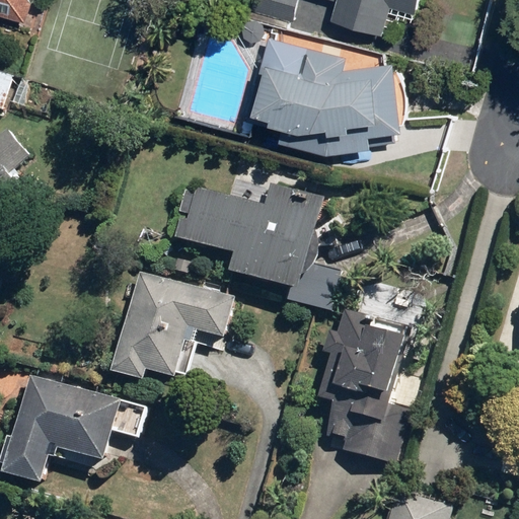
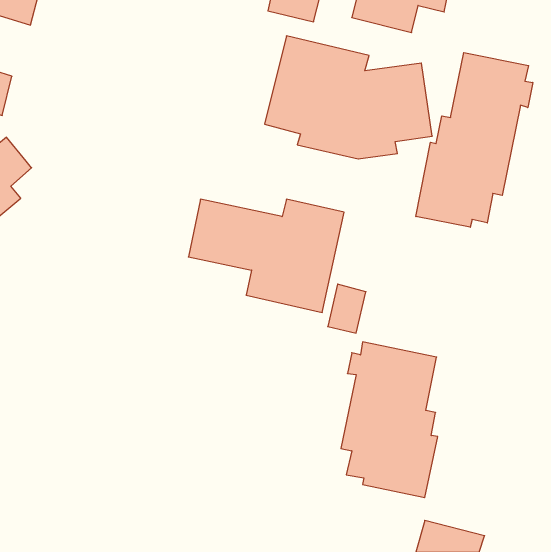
building: none -> [416,53,533,227]
building: [109,271,234,380] -> none
building: [4,374,143,483] -> none

